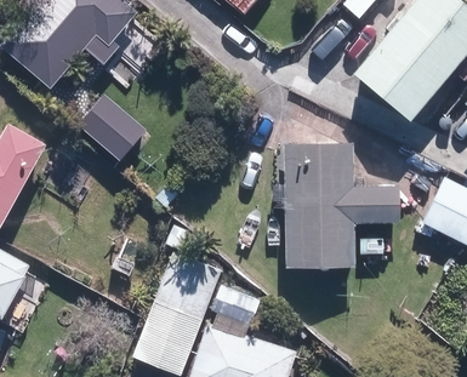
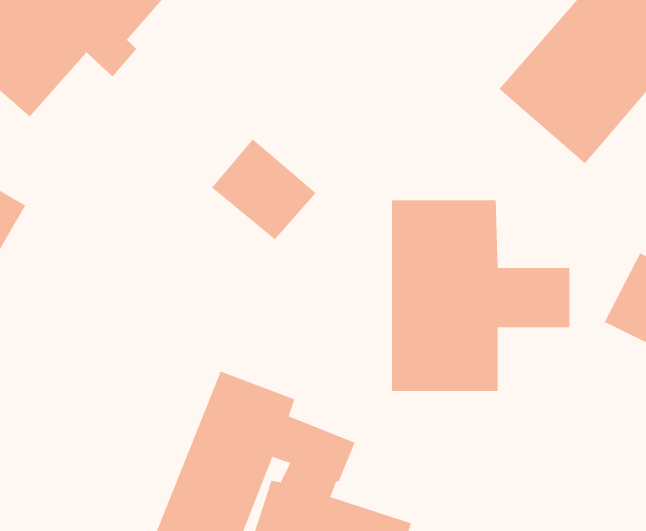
building: [79,96,147,161] -> [211,139,316,240]

